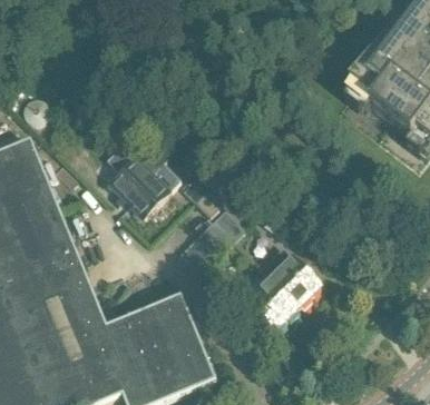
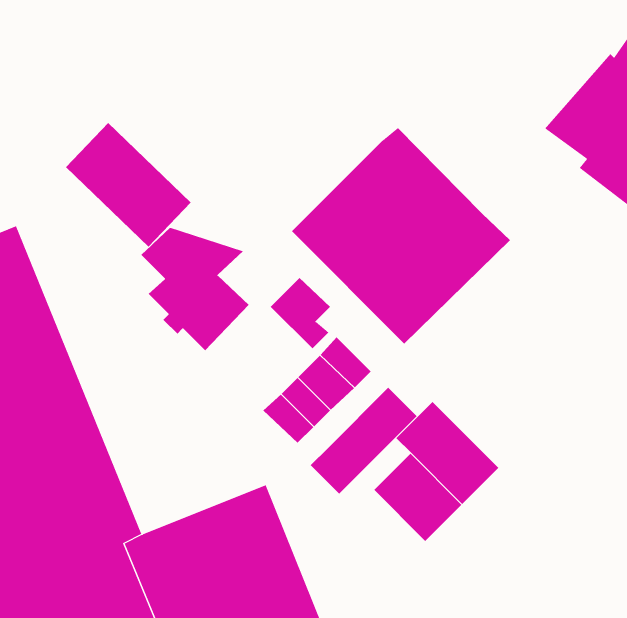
building: none -> [65,122,192,247]
building: none -> [291,127,511,344]
building: none -> [310,387,418,495]

